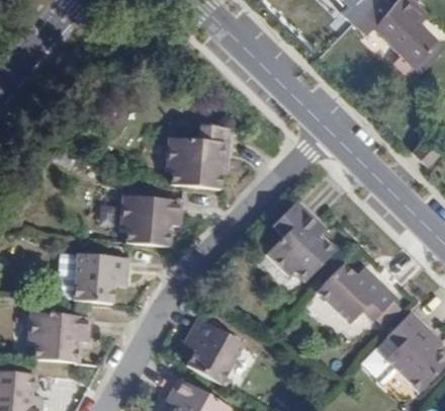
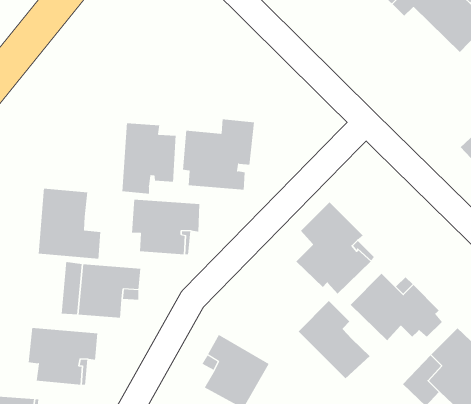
building: none -> [122,122,176,195]
building: none -> [38,188,101,260]
building: none -> [298,300,370,379]

